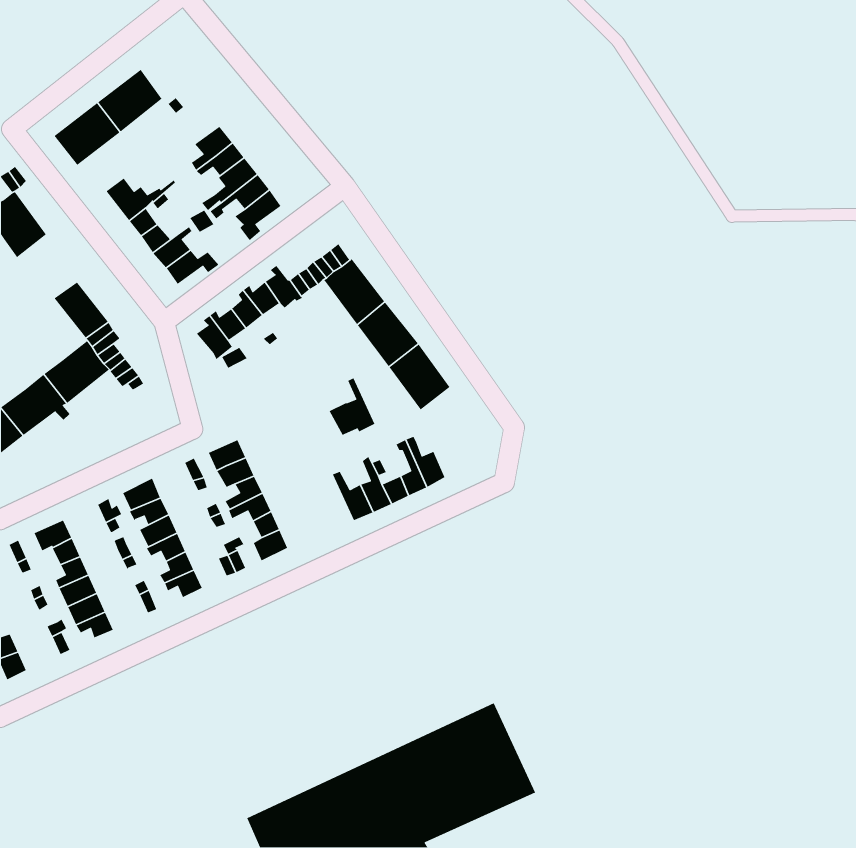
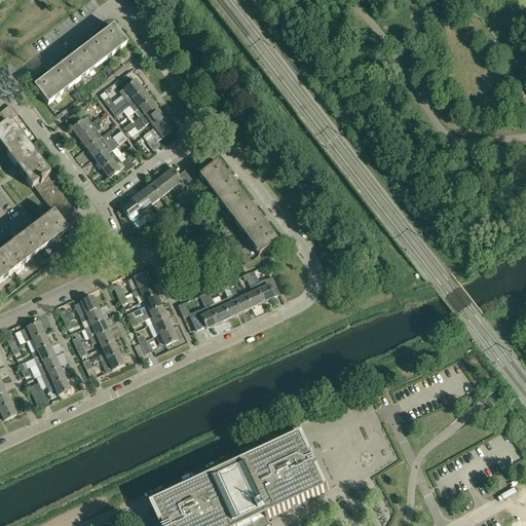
building: none -> [86,23,126,61]
building: none -> [10,144,49,185]
building: [329,377,376,436] -> [188,291,217,327]

